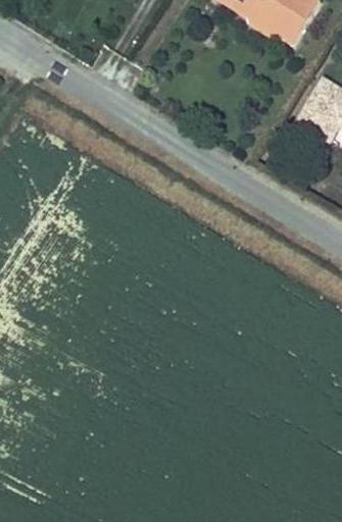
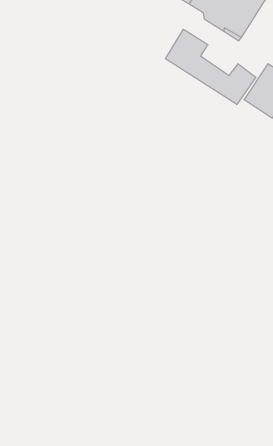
building: none -> [166,29,256,105]

